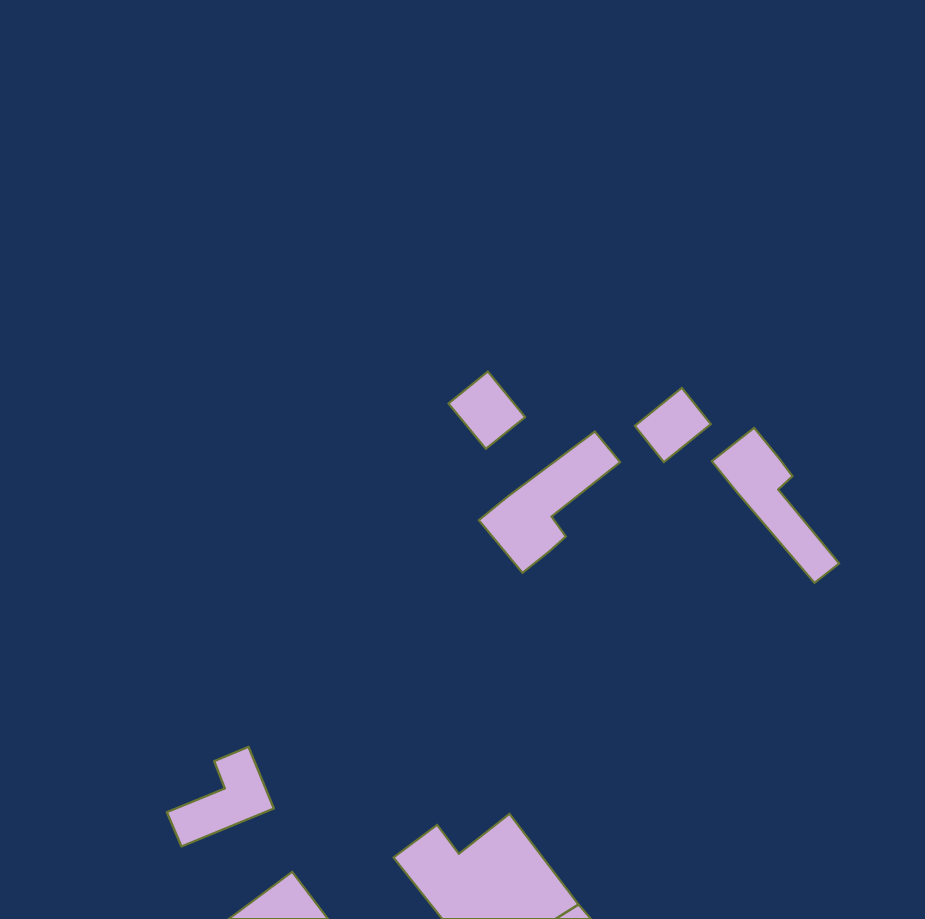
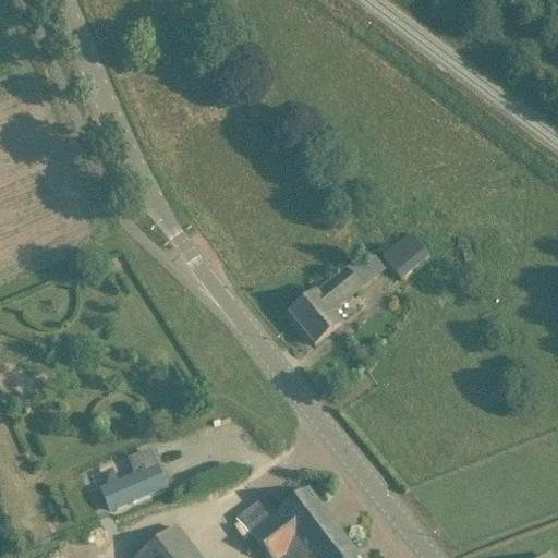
building: [448,371,525,449] -> none
building: [712,428,839,583] -> none

